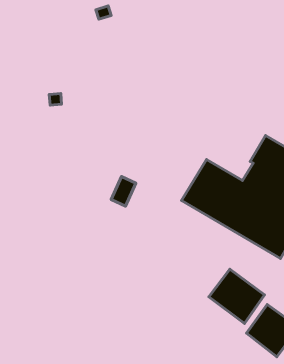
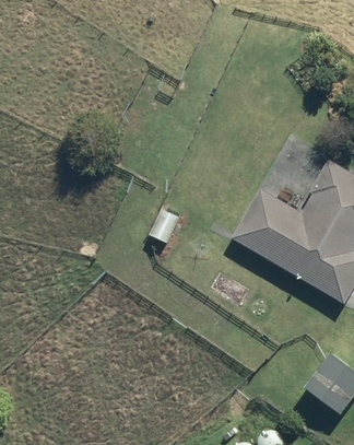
building: [209,269,264,324] -> none

